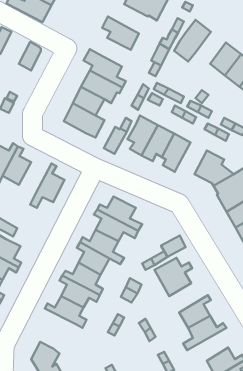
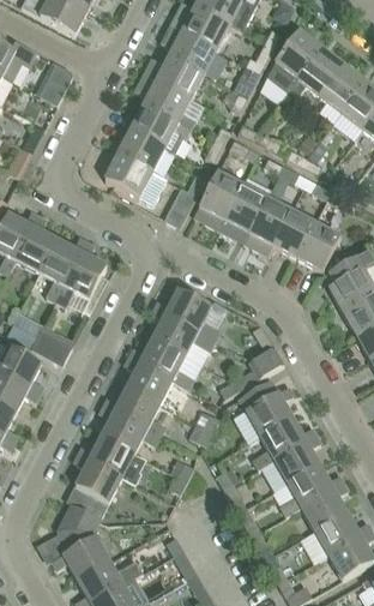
building: none -> [170,8,229,52]
building: none -> [288,49,343,100]
building: none -> [144,58,204,100]
building: none -> [273,211,315,258]
building: none -> [40,239,88,302]
building: none -> [31,331,72,366]
building: none -> [254,418,316,469]
building: none -> [74,455,122,521]
building: none -> [301,484,349,532]

